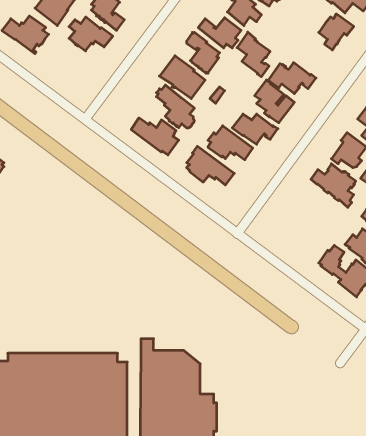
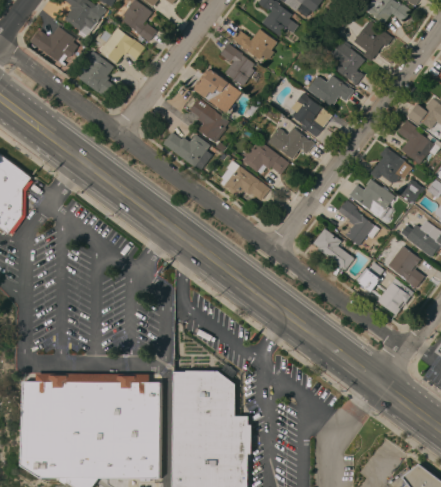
building: [237,32,270,77] -> [331,40,365,86]
building: none -> [79,52,115,98]
building: none -> [338,200,379,246]
building: none -> [313,229,354,270]

